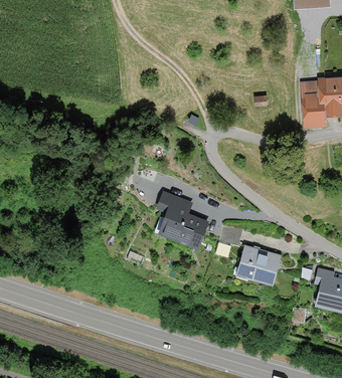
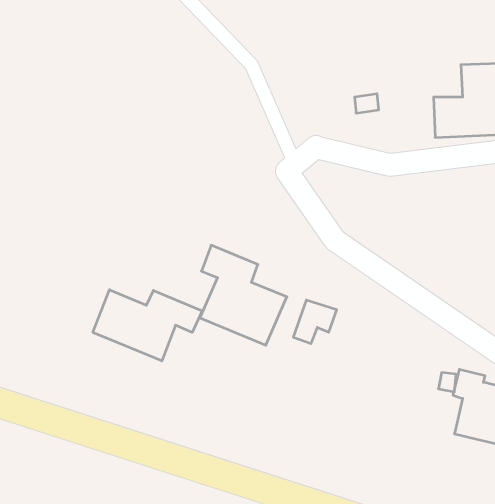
building: none -> [93,290,202,361]
building: [234,242,283,287] -> none

